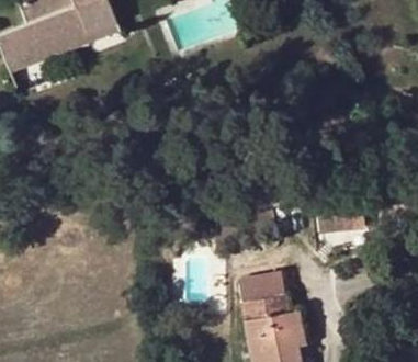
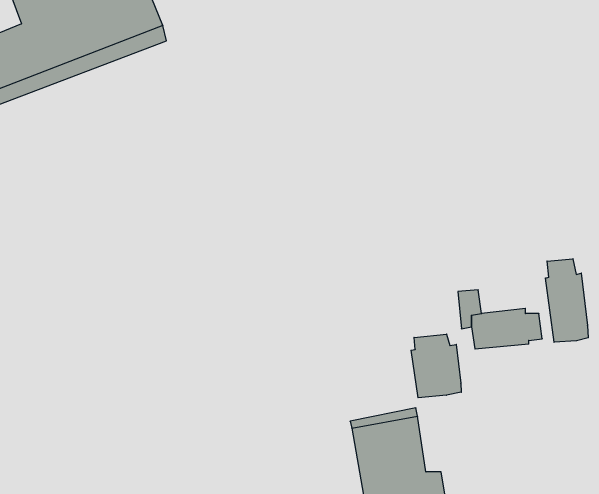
building: none -> [545,259,588,342]
building: none -> [411,334,461,398]

